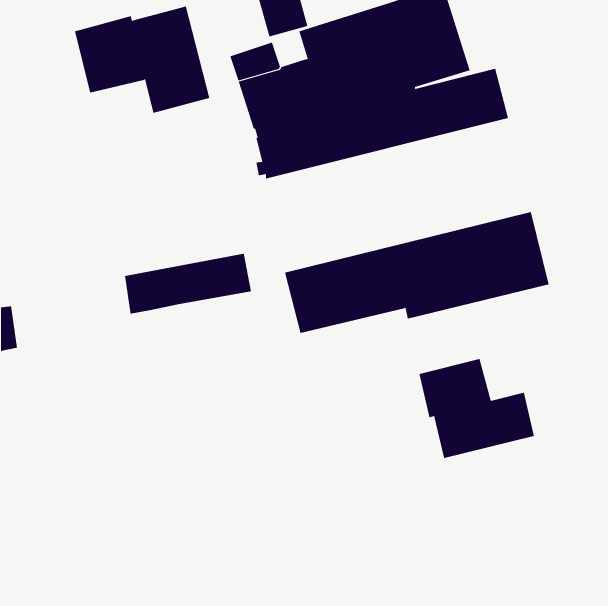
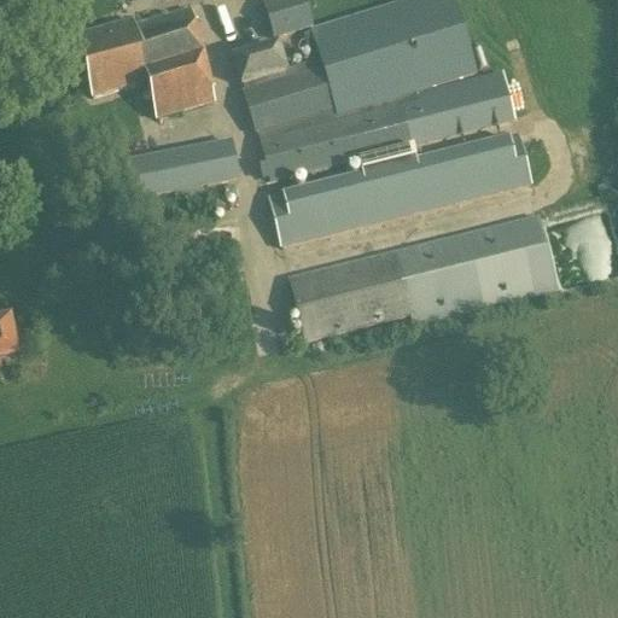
building: none -> [270,133,532,243]
building: [124,253,252,314] -> [107,139,237,200]
building: [419,358,534,459] -> none

